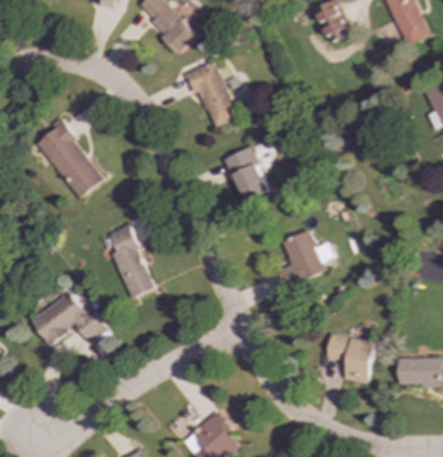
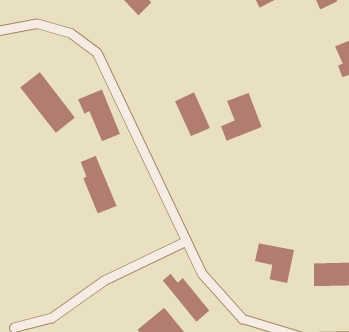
building: [185,61,239,126] -> [77,89,121,142]
building: [275,229,327,290] -> [220,92,263,142]
building: [29,292,104,345] -> none
building: none -> [162,273,210,323]

